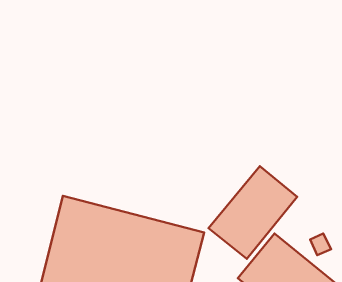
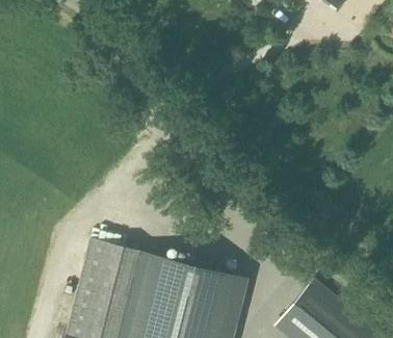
building: [209,166,297,259] -> none

